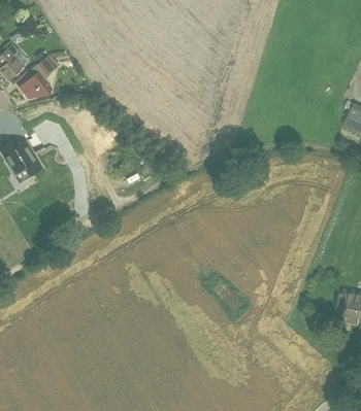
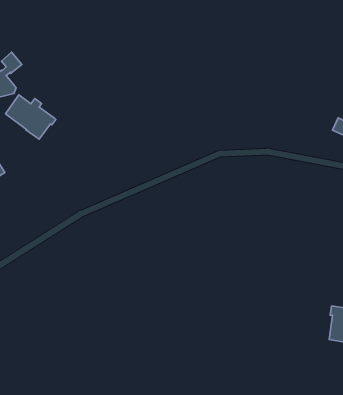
building: none -> [5,95,56,139]

